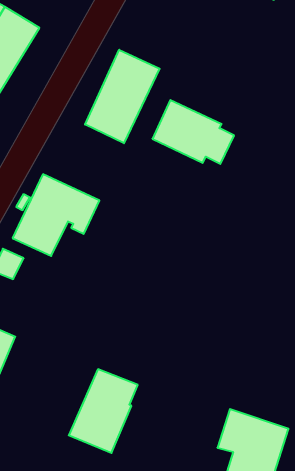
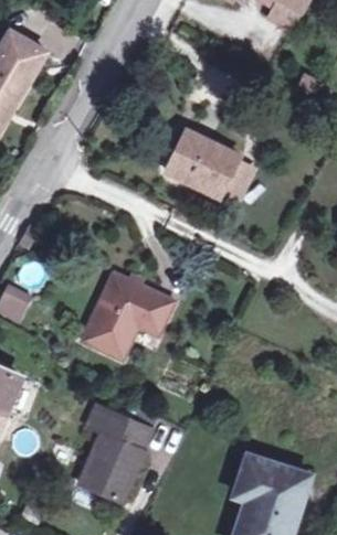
building: [85,50,160,143] -> none
building: [13,174,99,256] -> [82,272,173,359]

